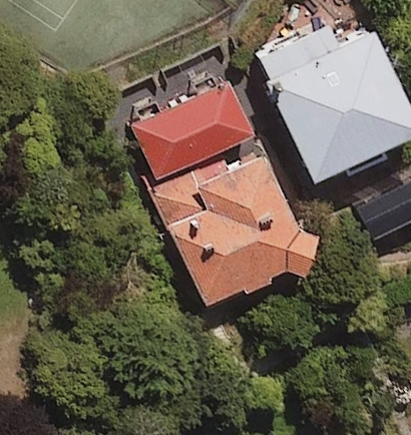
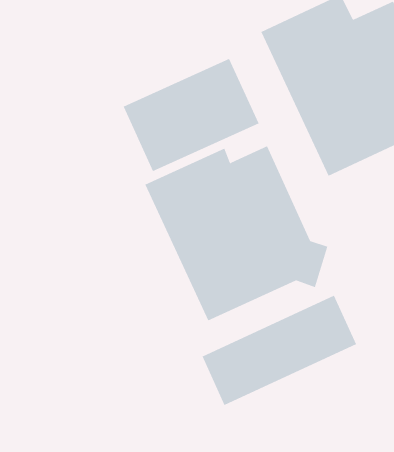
building: none -> [202,295,357,406]

